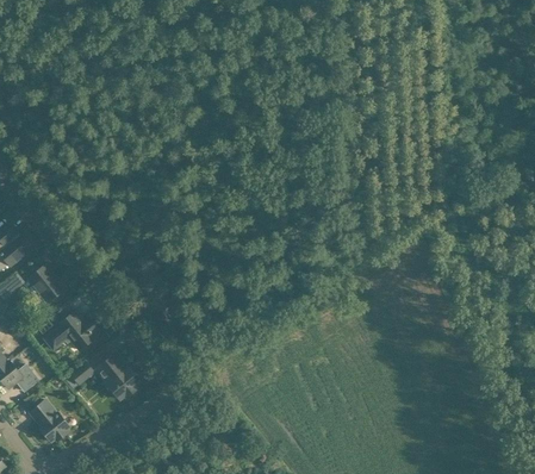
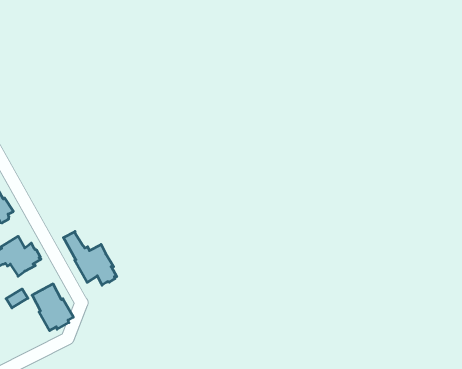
building: none -> [63,231,117,285]

